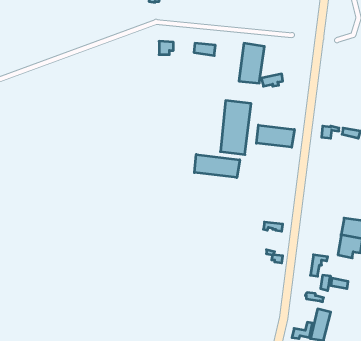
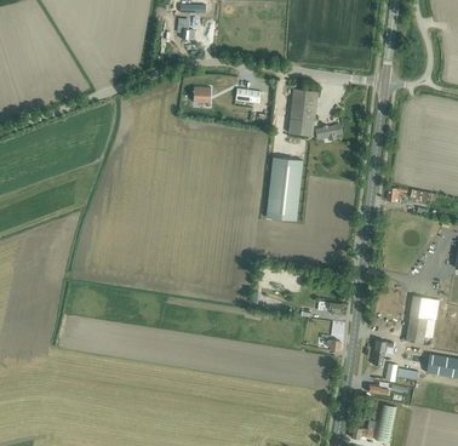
building: [256,125,294,147] -> none
building: [194,154,240,178] -> none

